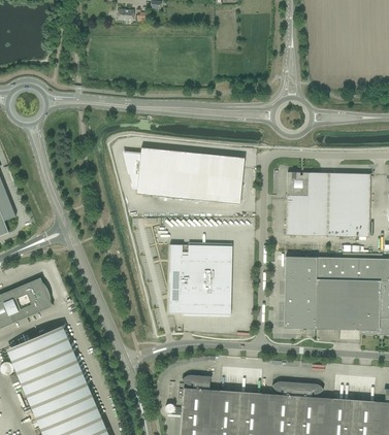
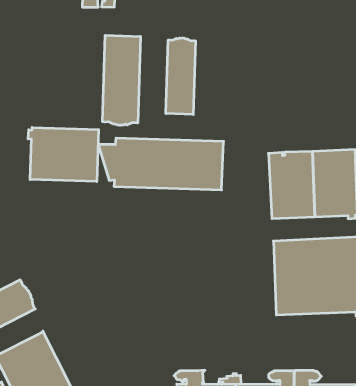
building: none -> [103,35,140,125]
building: none -> [166,38,196,115]
building: none -> [28,127,99,182]
building: [168,244,232,314] -> none

